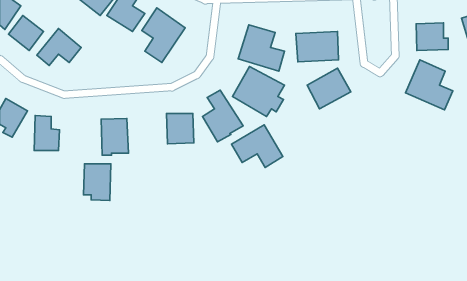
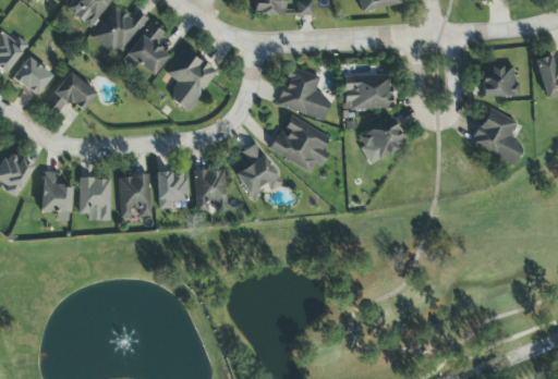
building: none -> [157,171,187,208]
building: [232,125,283,167] -> none
building: [83,164,111,201] -> [80,178,111,220]

